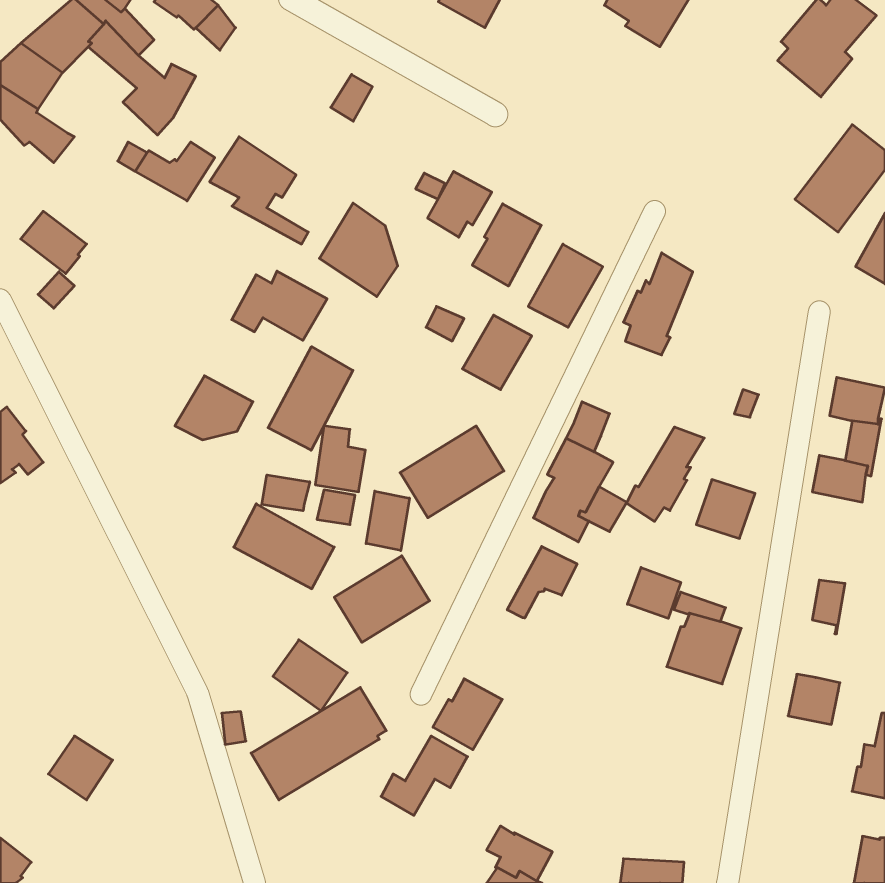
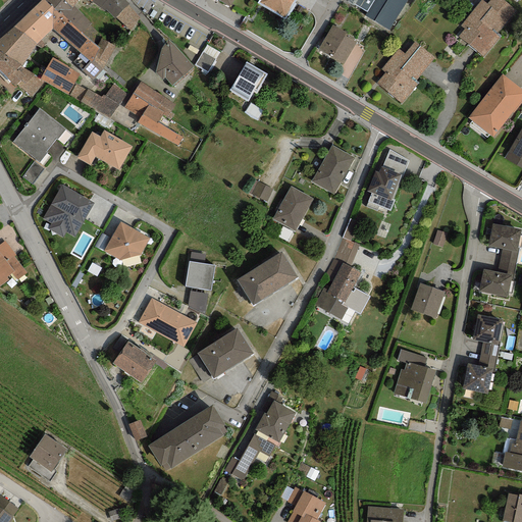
building: none -> [318,23,357,63]
building: none -> [155,39,194,85]
building: none -> [376,41,434,103]
building: none -> [40,57,80,94]
building: [428,171,492,237] -> [229,61,267,100]
building: none -> [25,108,65,144]
building: [319,203,398,297] -> none
building: [472,204,541,286] -> none
building: [232,271,327,340] -> [76,128,133,169]
building: none -> [42,184,94,237]
building: [268,347,353,450] -> none
building: [626,427,704,521] -> none
building: [262,475,310,511] -> none
building: [366,491,409,551] -> none
building: none -> [472,314,503,344]
building: [507,546,577,618] -> none
building: [627,567,681,618] -> none
building: [273,640,347,711] -> [112,341,156,382]
building: [788,674,840,724] -> [462,363,492,393]

